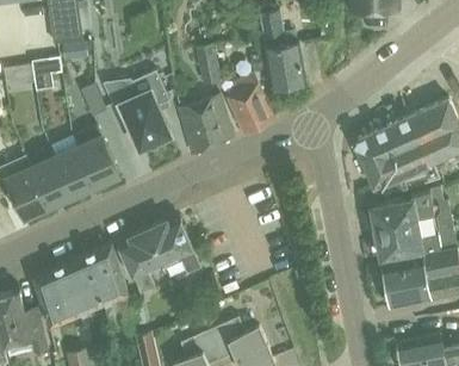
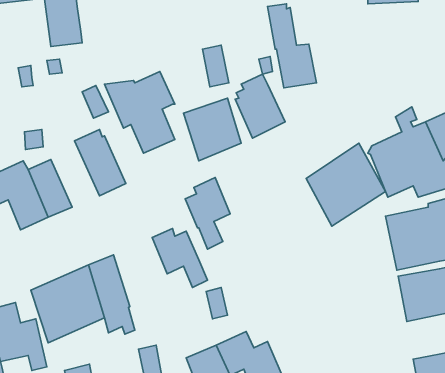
building: [46,131,98,199] -> none
building: none -> [306,143,386,226]
building: [119,228,162,296] -> [185,178,230,249]

